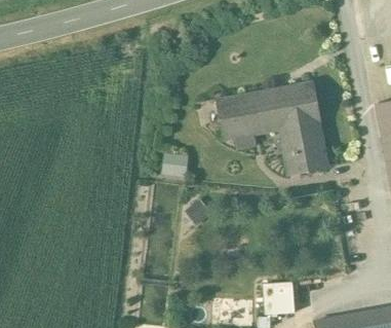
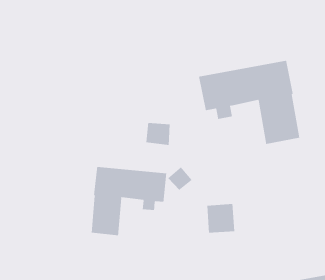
building: none -> [91,166,167,236]
building: [264,282,295,314] -> [206,204,235,233]

